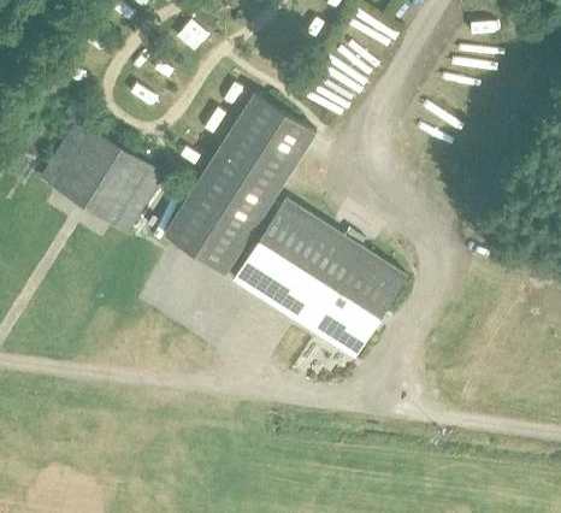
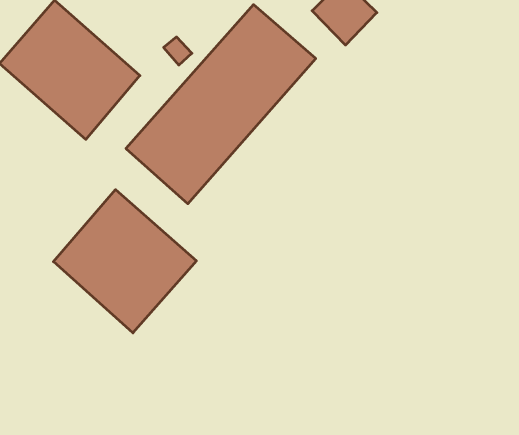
building: [232,199,406,358] -> none
building: none -> [53,190,196,333]

